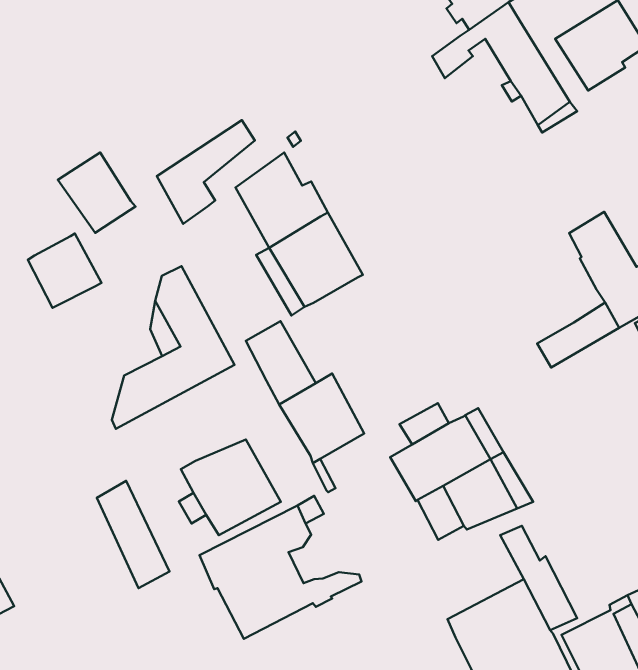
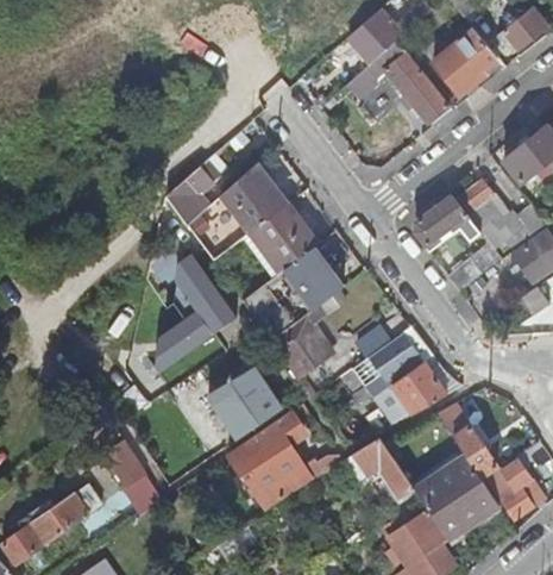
building: [58,152,136,233] -> none
building: none -> [415,195,483,256]
building: [28,234,101,308] -> none
building: none -> [287,246,345,308]
building: [97,481,170,588] -> [105,439,162,513]
building: none -> [353,438,414,499]

